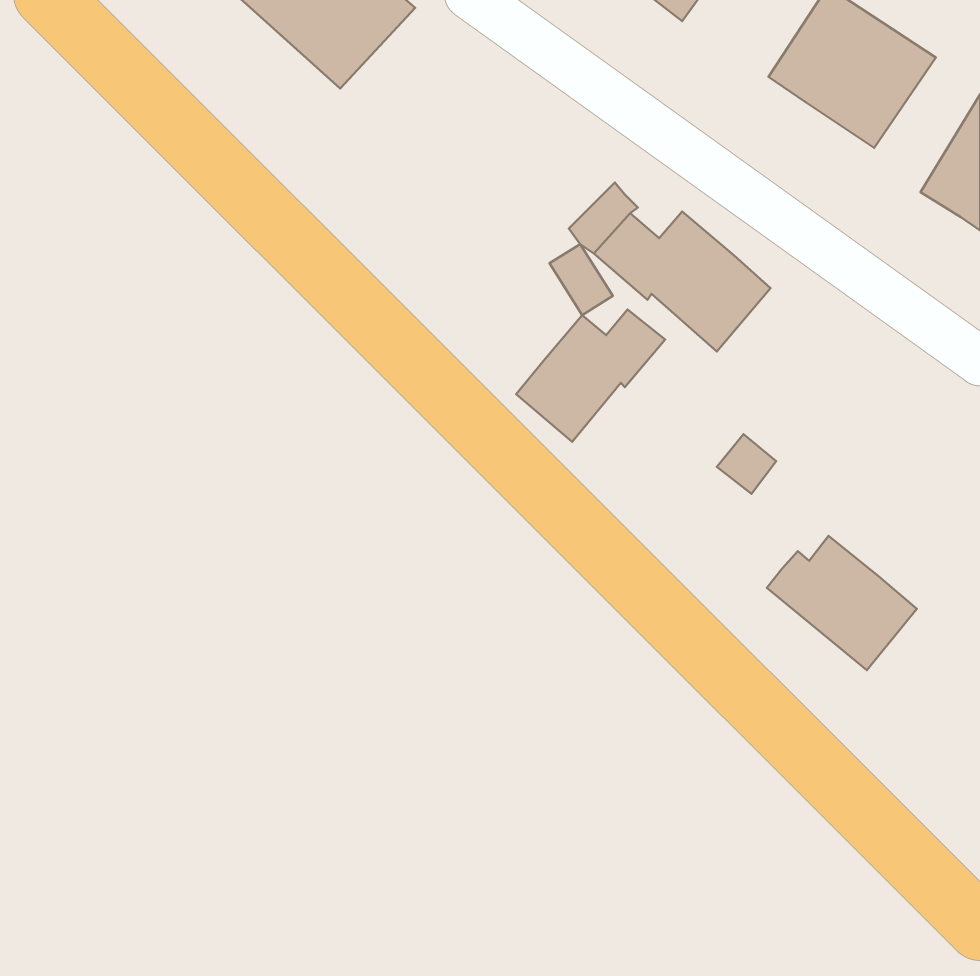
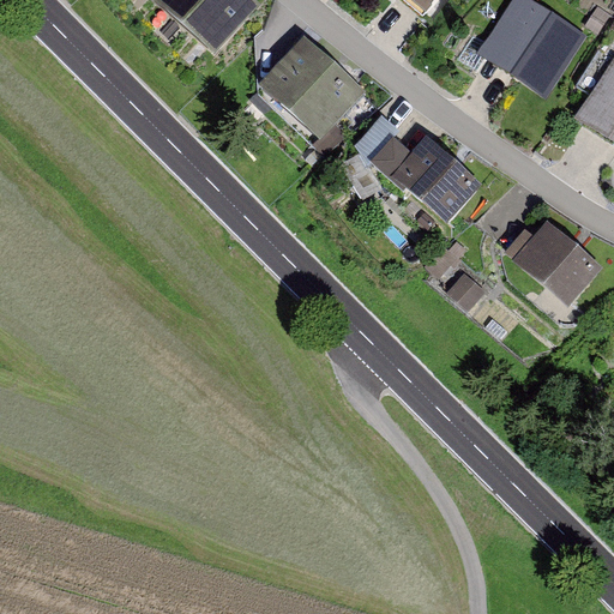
building: none -> [259,38,366,143]
building: [516,310,665,442] -> none
building: [767,536,917,670] -> [507,217,601,301]

